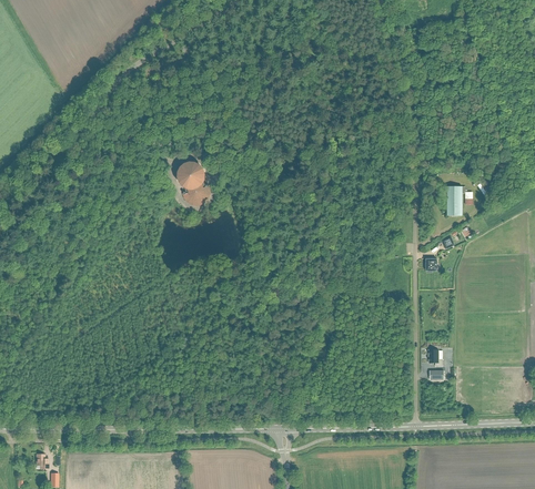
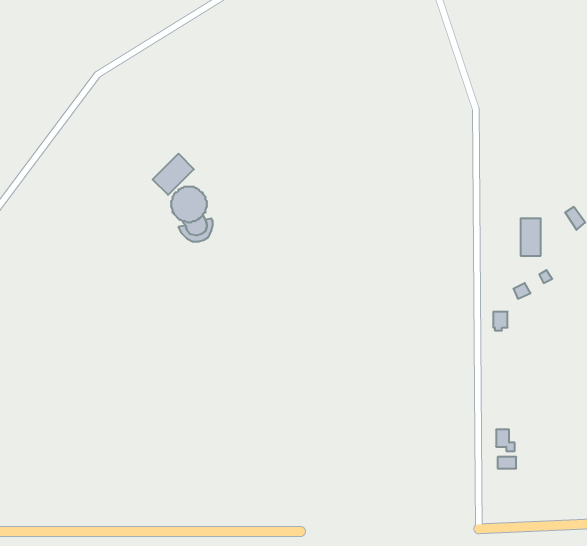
building: none -> [153,154,194,195]

